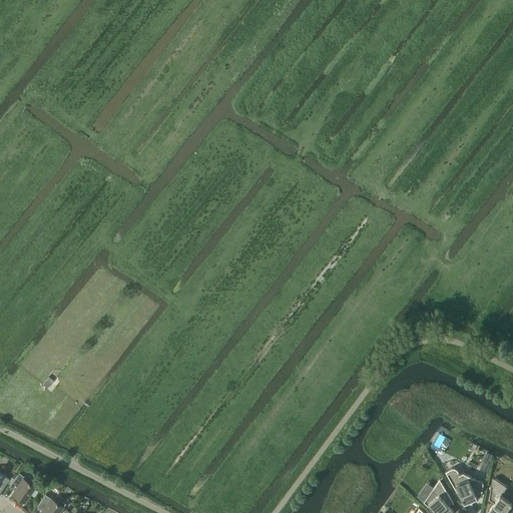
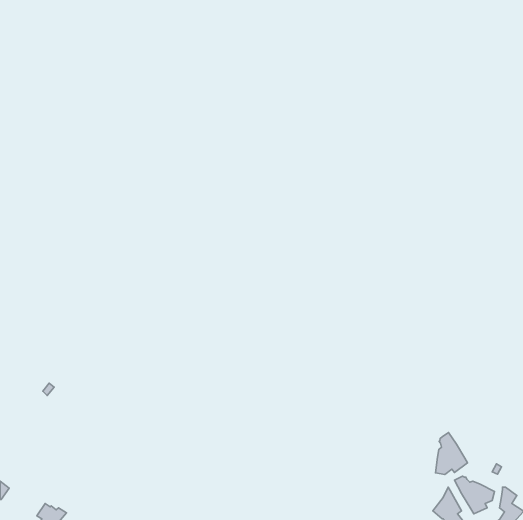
building: none -> [435,433,468,474]
building: [8,474,37,504] -> none

